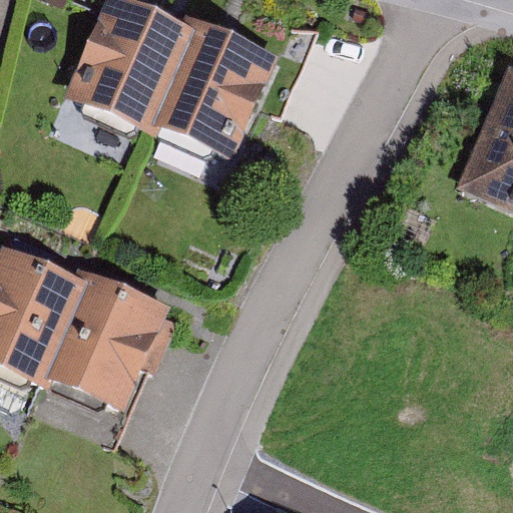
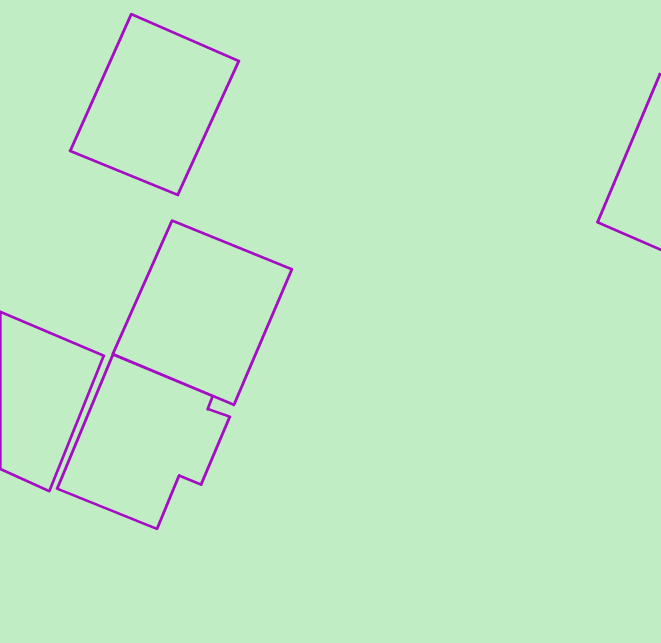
building: [144,38,265,174] -> none
building: none -> [113,221,292,405]

